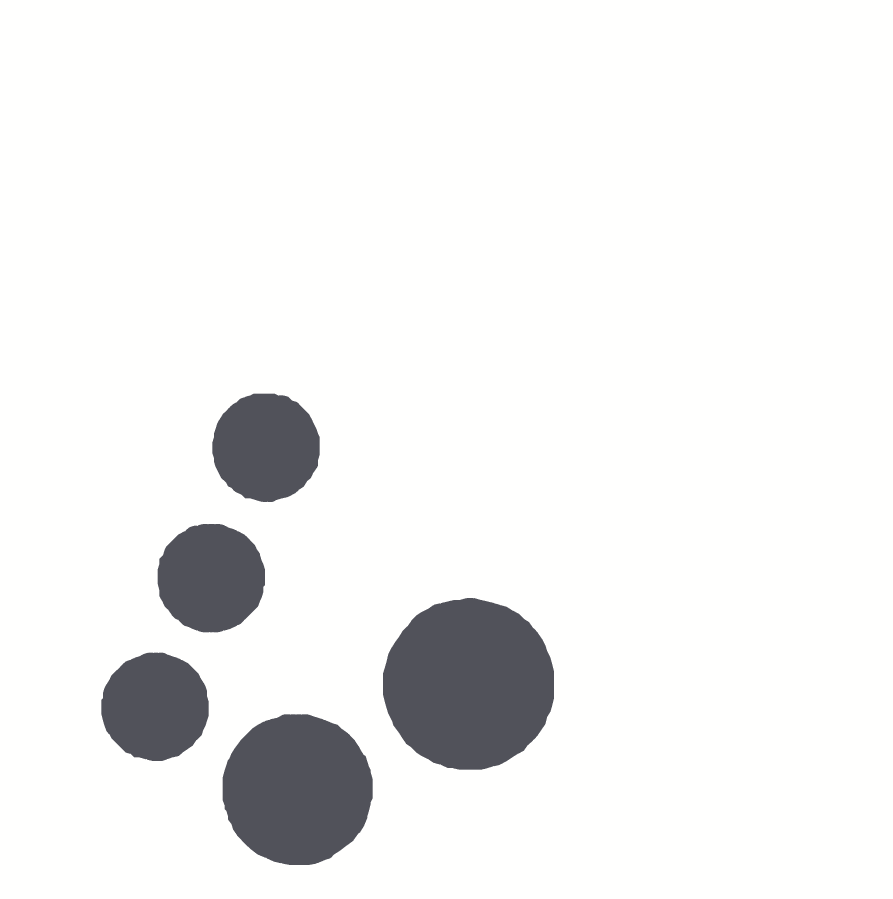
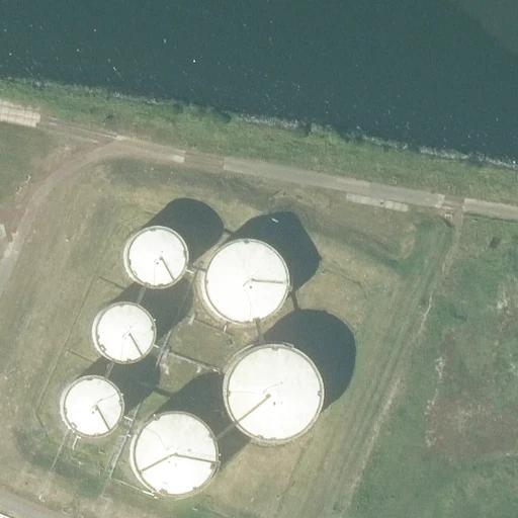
building: none -> [202,238,290,325]

